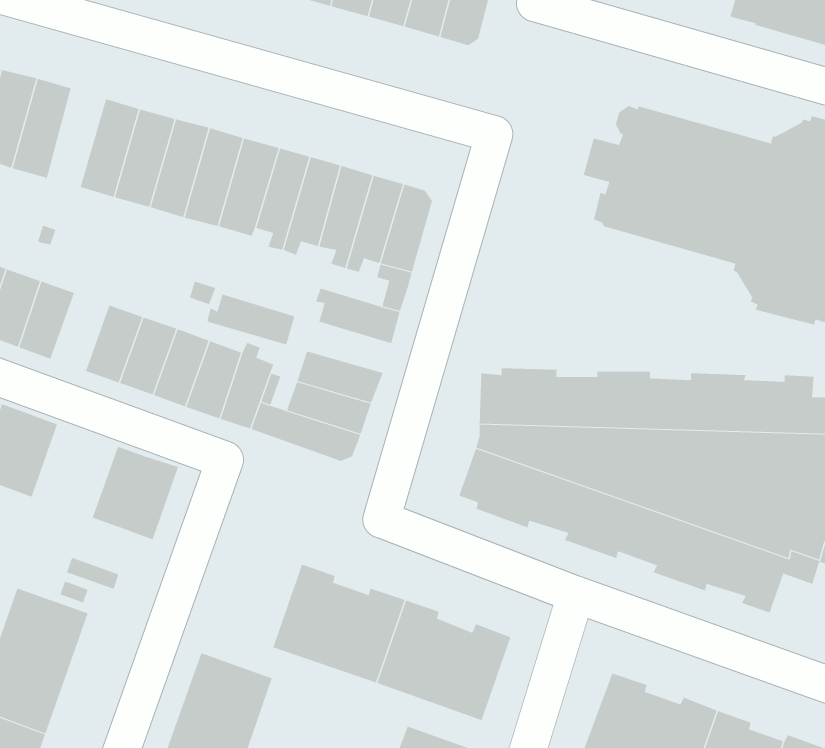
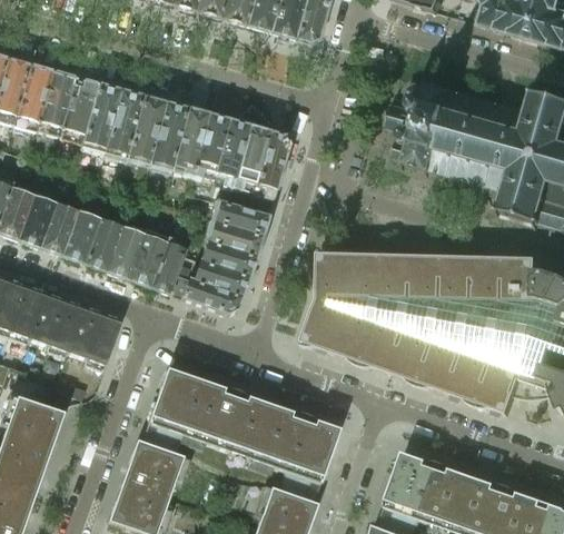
building: none -> [37,70,75,135]
building: none -> [39,204,77,255]
building: [207,294,295,345] -> [204,222,261,256]
building: none -> [27,289,82,350]
building: none -> [148,367,202,435]

